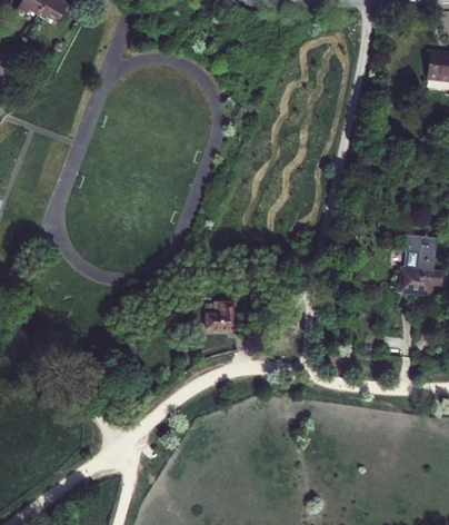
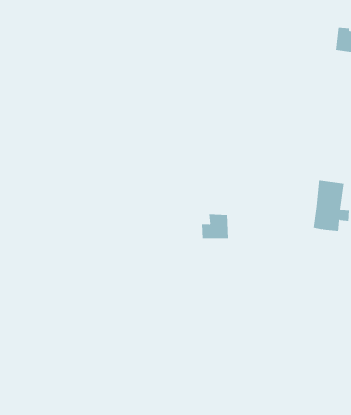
building: [202,300,236,330] -> [201,214,229,239]

